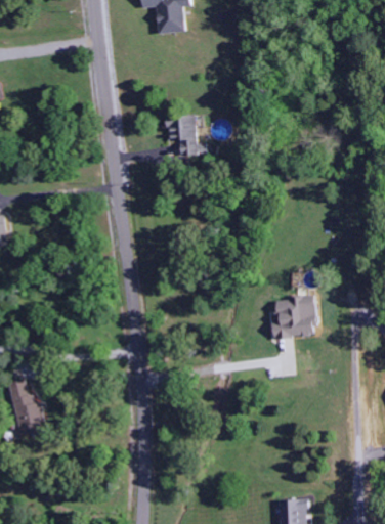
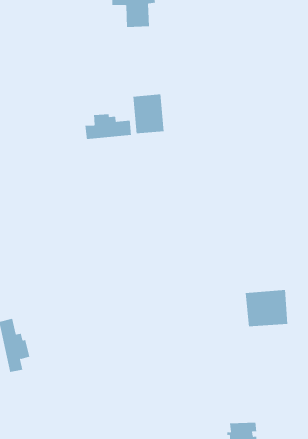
building: none -> [85,114,132,140]
building: [269,295,320,339] -> [245,289,288,327]

